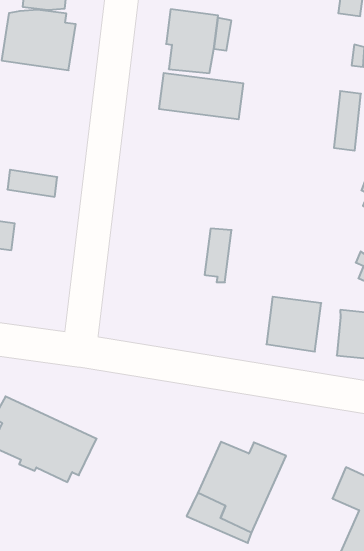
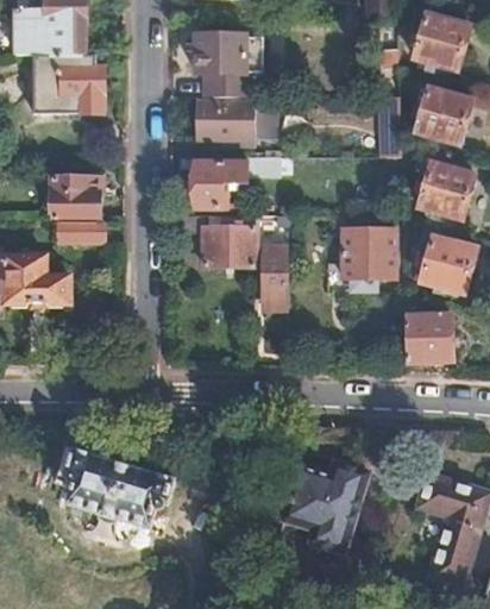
building: none -> [49,175,96,213]
building: none -> [195,153,308,207]
building: none -> [202,224,253,264]
building: [266,297,321,352] -> [343,226,392,276]

